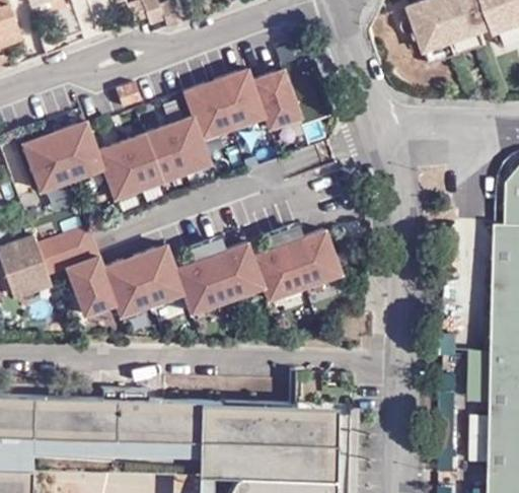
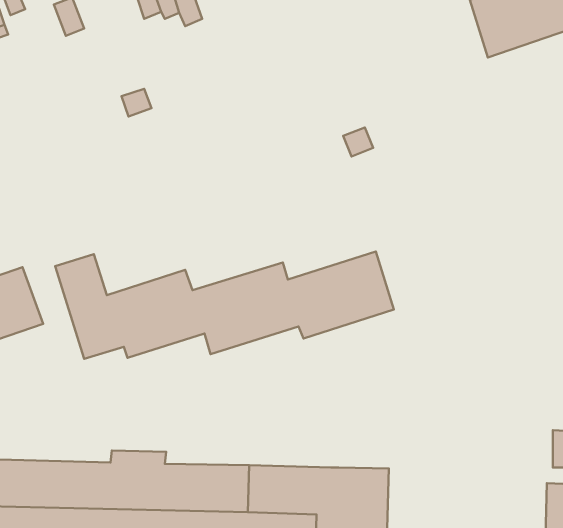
building: [19,65,302,195] -> none

